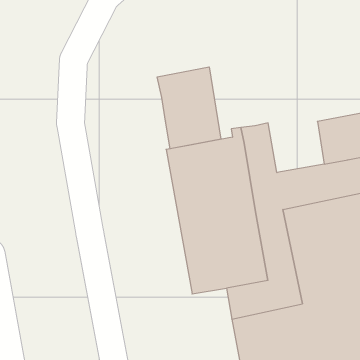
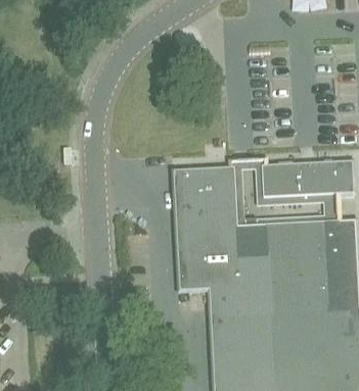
building: [157,67,221,149] -> none
building: none -> [262,157,305,200]

